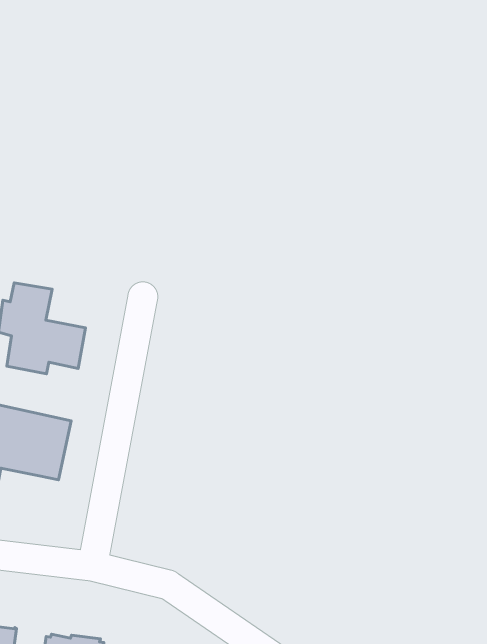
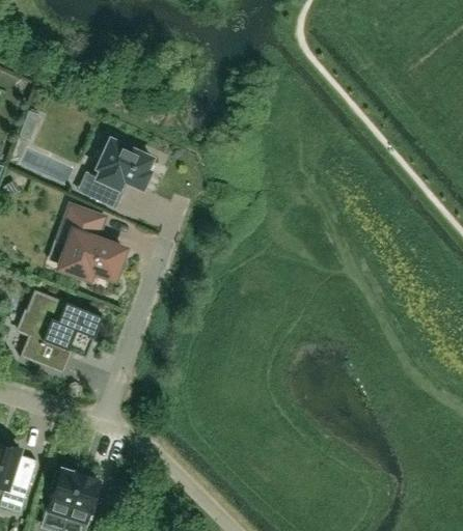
building: none -> [84,137,151,207]

